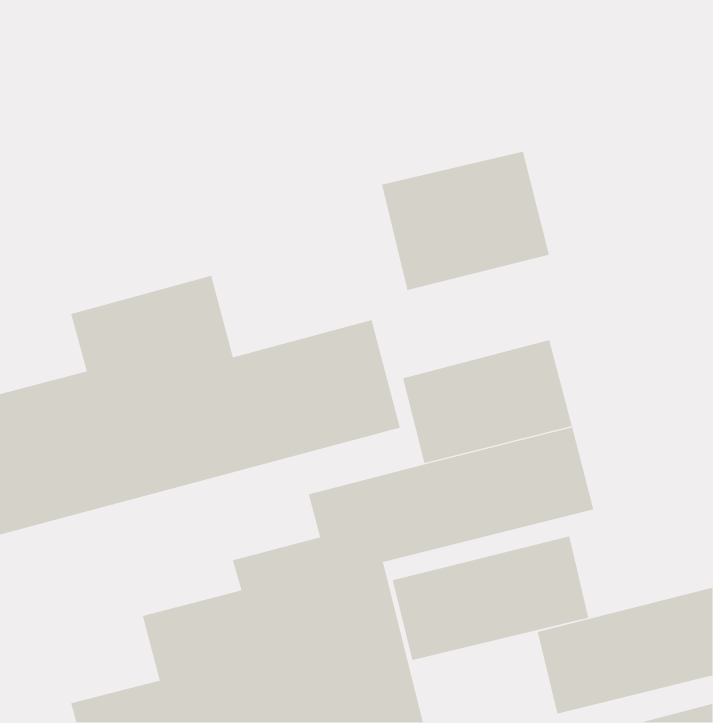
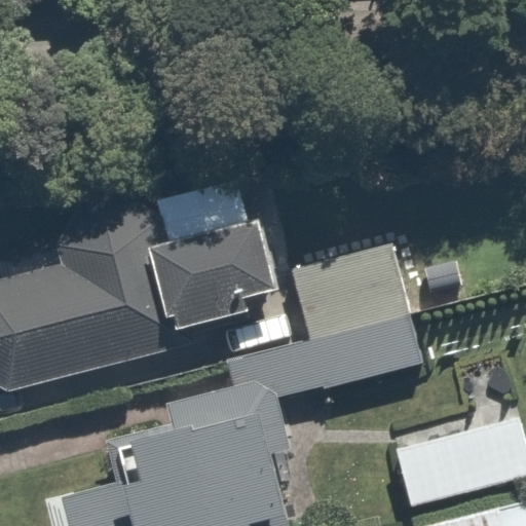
building: [381,151,550,291] -> none
building: [392,535,589,661] -> none

